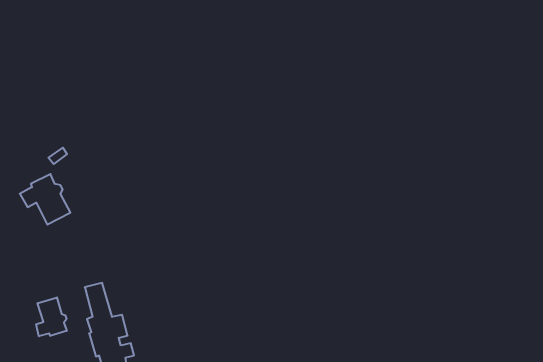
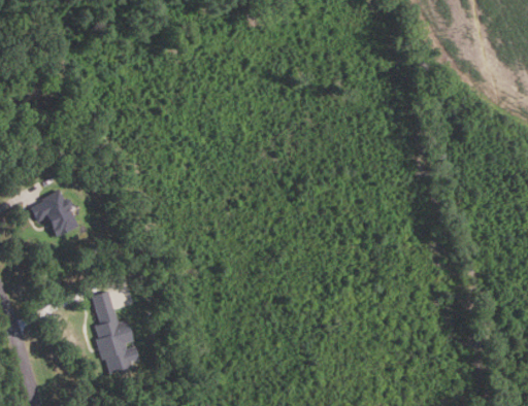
building: [36,297,67,336] -> none

